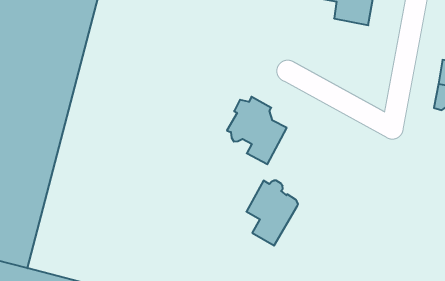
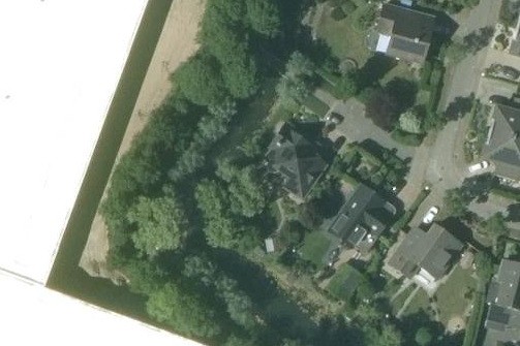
building: none -> [388,226,461,280]
building: [246,180,298,246] -> [339,185,394,254]

